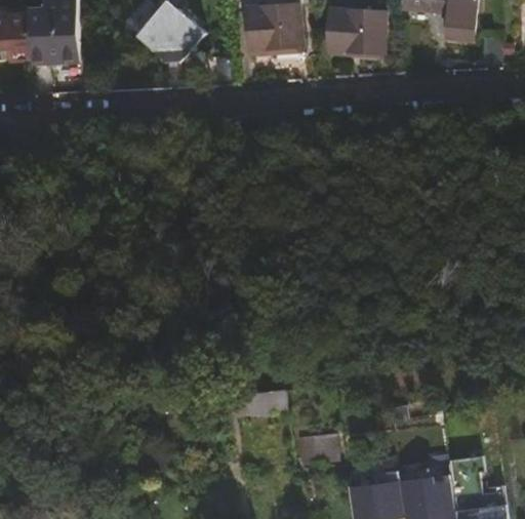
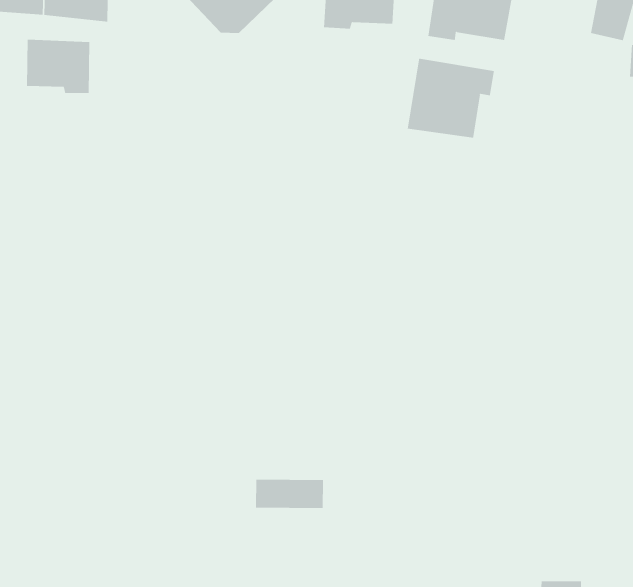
building: none -> [407,58,494,139]
building: none -> [27,39,90,94]
building: [295,430,341,468] -> none

